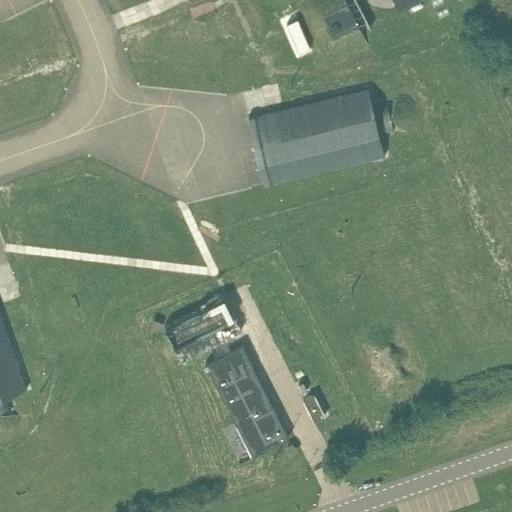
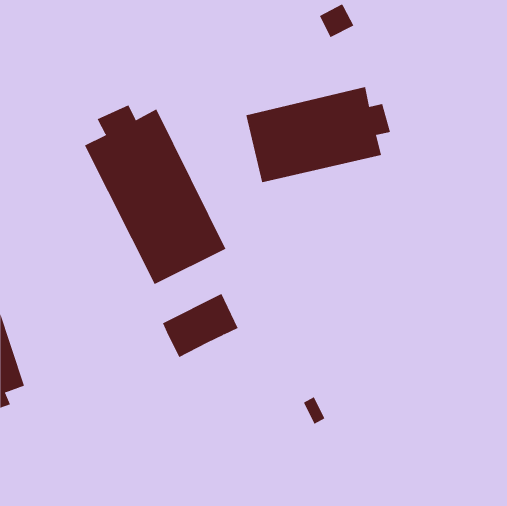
building: none -> [84,105,226,285]
building: [204,339,288,457] -> none

